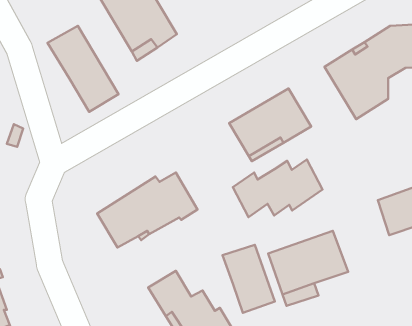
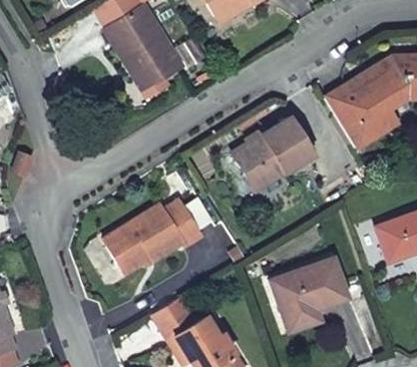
building: [48,26,119,112] -> none
building: [233,159,323,217] -> none
building: [223,245,275,313] -> none

